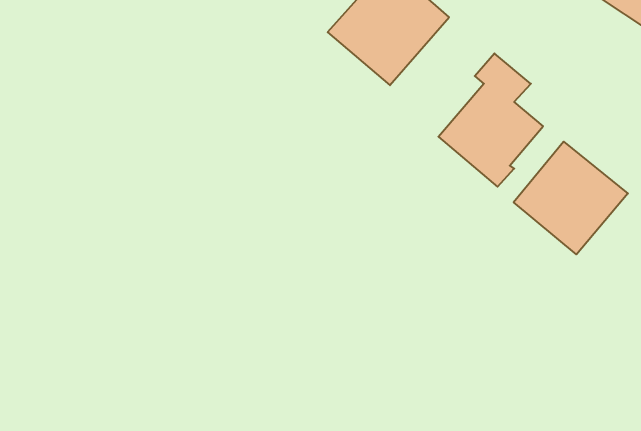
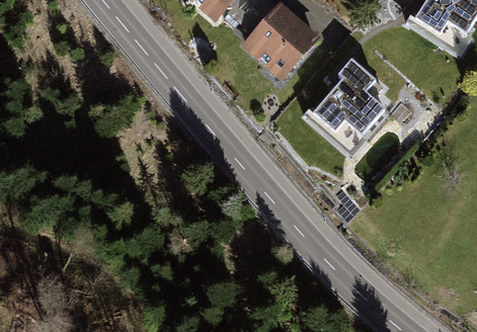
building: [514,142,628,254] -> none

